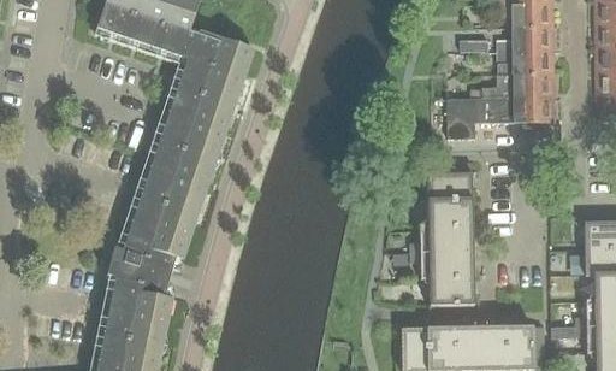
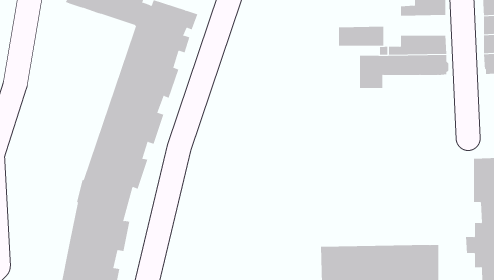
building: [497,49,552,73] -> [338,26,384,46]
building: [409,161,474,305] -> none

